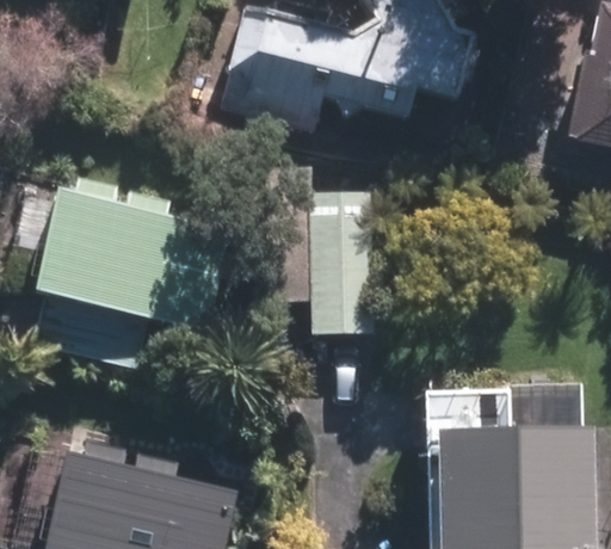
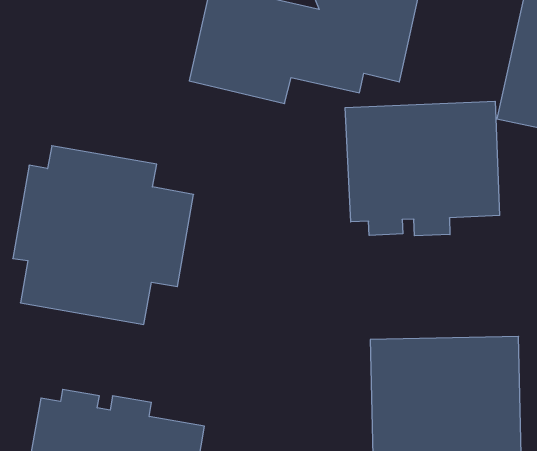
building: none -> [345,101,500,236]
building: [310,187,383,333] -> none

